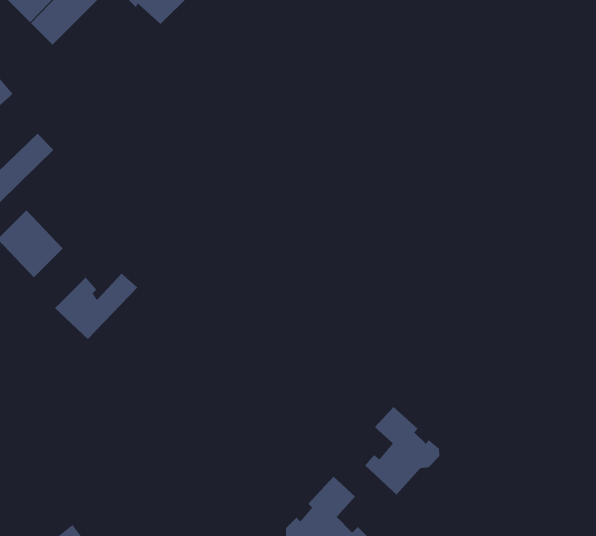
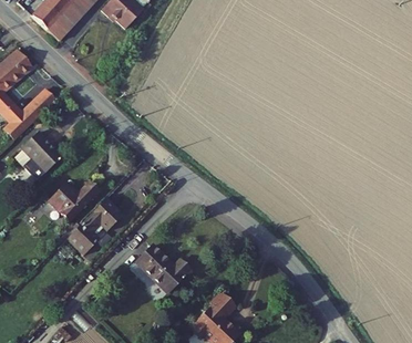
building: none -> [70,194,125,249]
building: none -> [132,247,186,293]
building: [365,406,440,495] -> none

